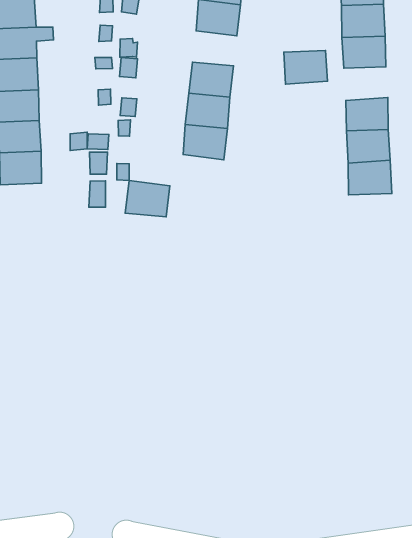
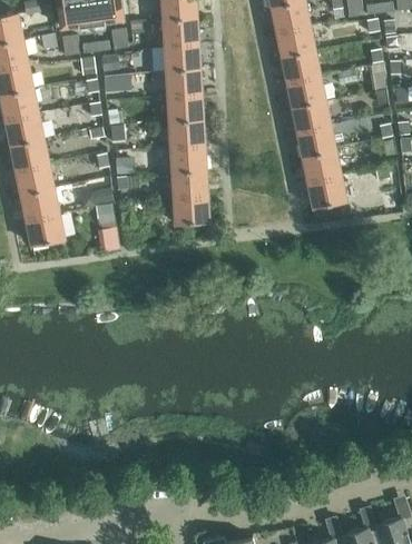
building: none -> [167,95,202,121]
building: [284,51,328,84] -> [291,100,330,132]
building: [125,181,170,217] -> [173,196,207,224]

